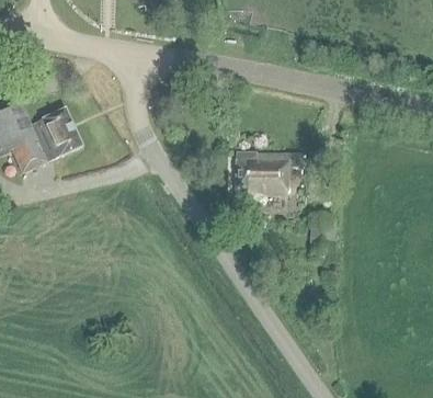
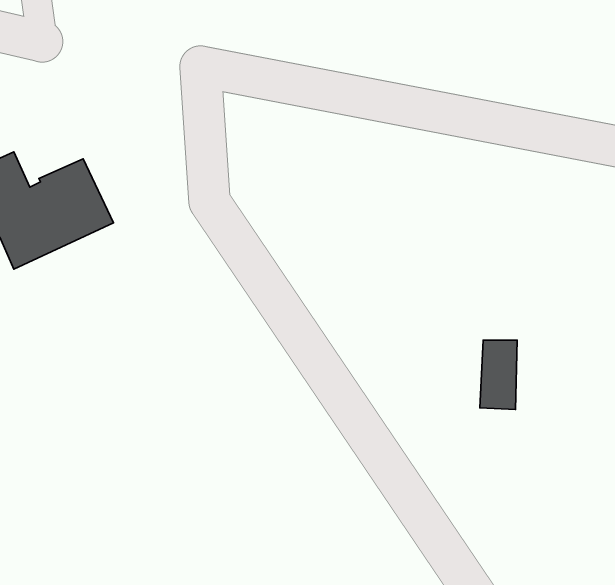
building: [235,149,305,192] -> none

